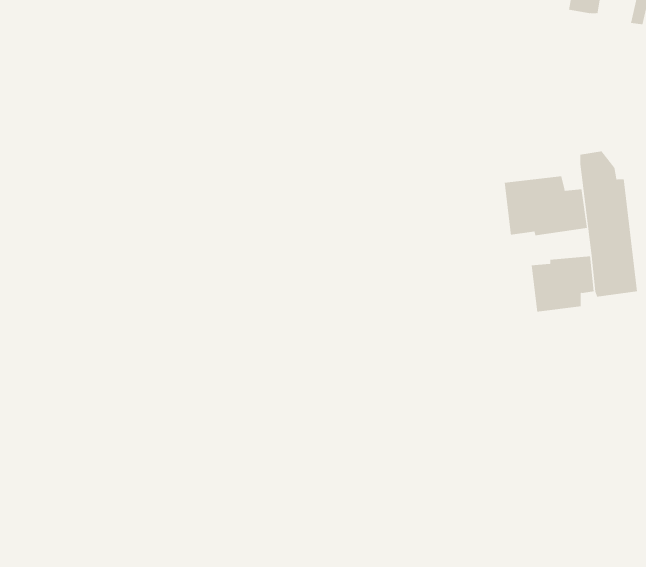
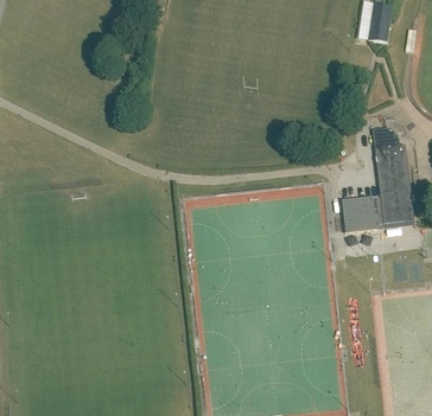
building: [504,176,587,236] -> none

